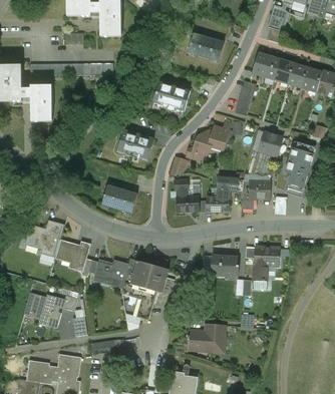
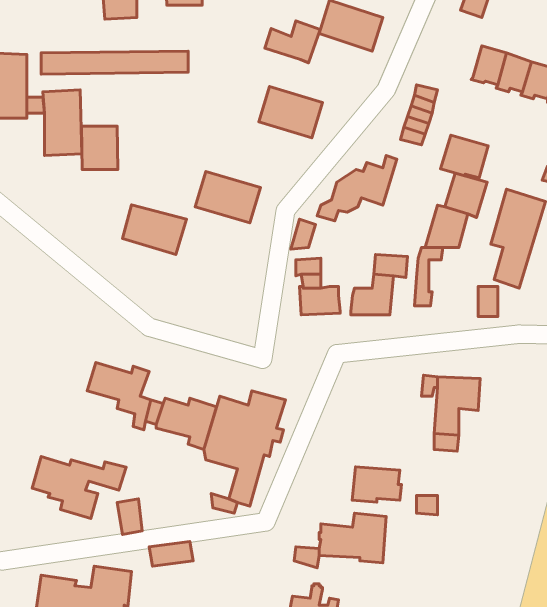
building: none -> [265,21,320,63]
building: [252,53,279,77] -> [440,135,488,178]
building: none -> [81,126,118,170]
building: [249,180,270,200] -> none
building: [101,185,137,214] -> [123,205,186,254]
building: [25,220,64,252] -> none
building: [210,256,238,276] -> [352,467,402,502]

